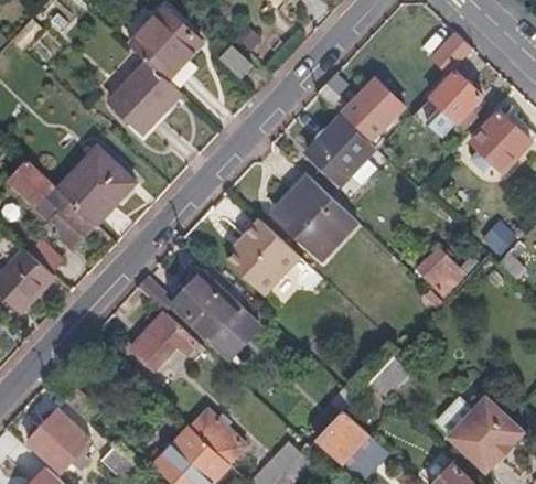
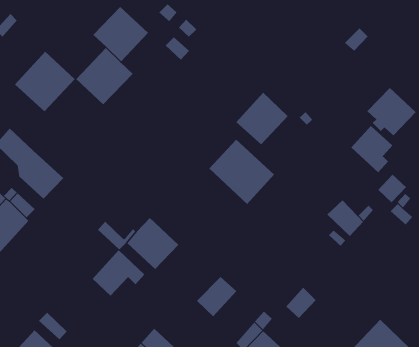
building: [428,69,481,129] -> [350,125,393,173]
building: [317,72,407,147] -> none
building: [57,148,133,224] -> [14,51,76,112]
building: [226,219,299,297] -> none
building: [207,306,258,357] -> [196,276,237,317]

